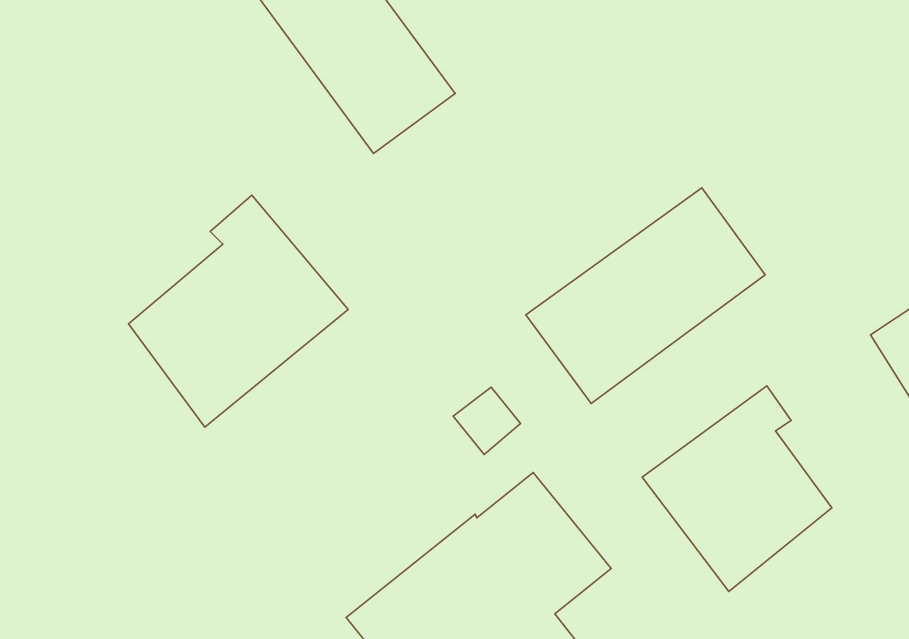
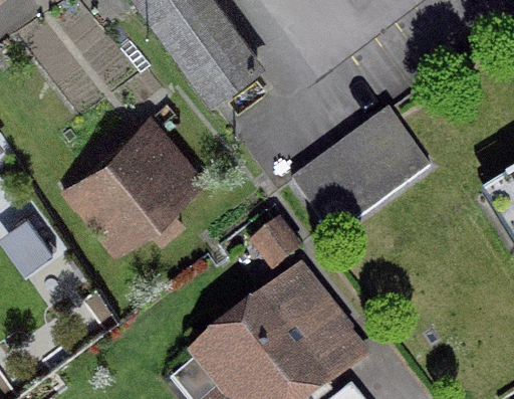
building: [642,386,832,592] -> none

